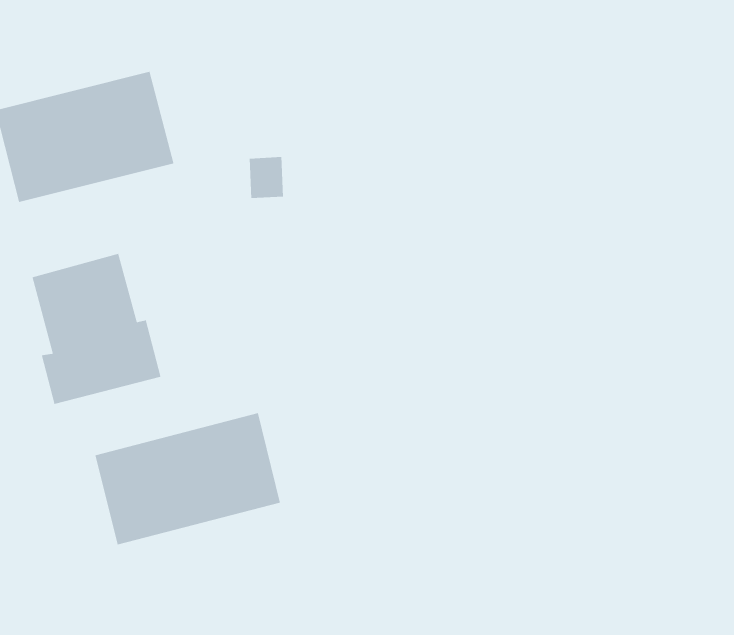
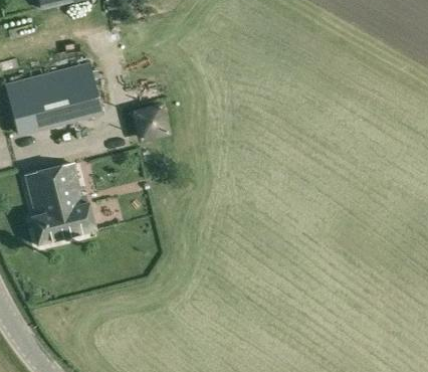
building: [95,412,281,546] -> none

